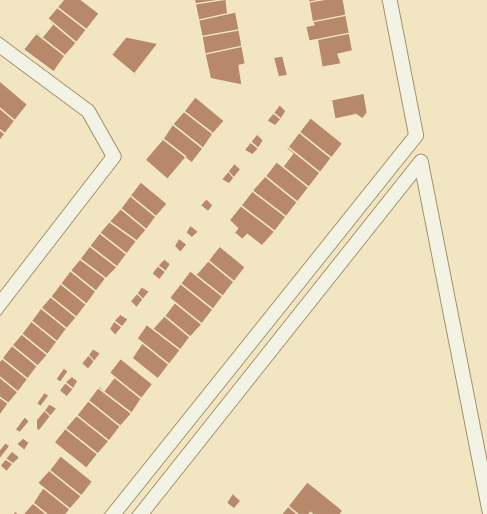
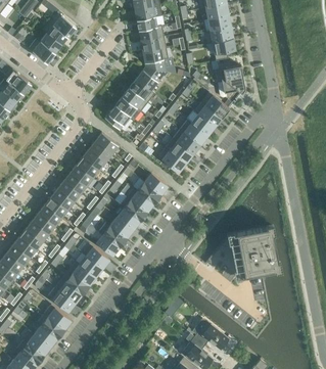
building: [111,37,158,79] -> [136,67,166,94]
building: none -> [215,60,242,82]
building: none -> [226,224,281,279]

